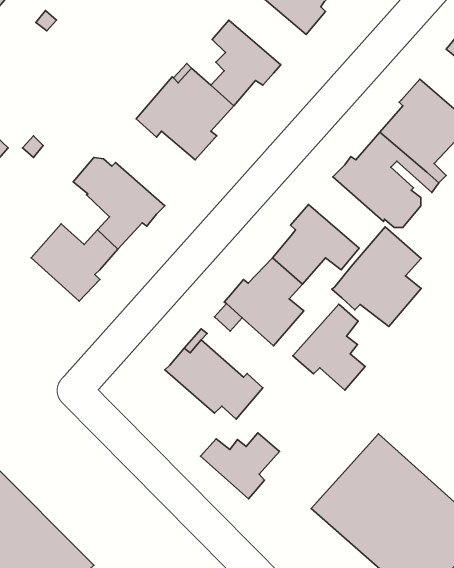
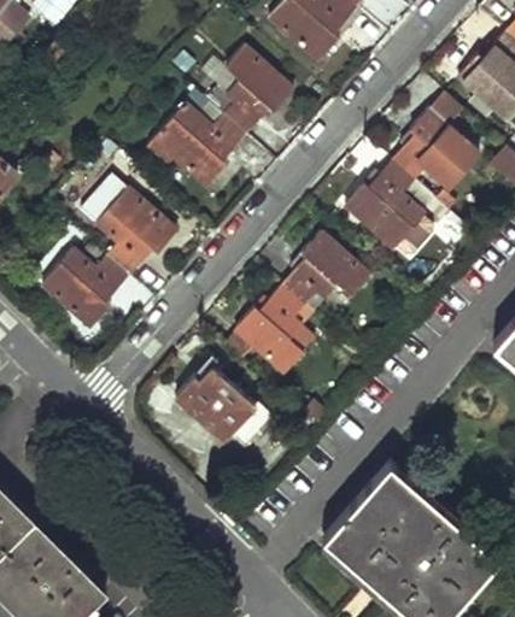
building: [332,227,421,327] -> none
building: [293,304,365,390] -> none
building: [201,433,279,499] -> none

